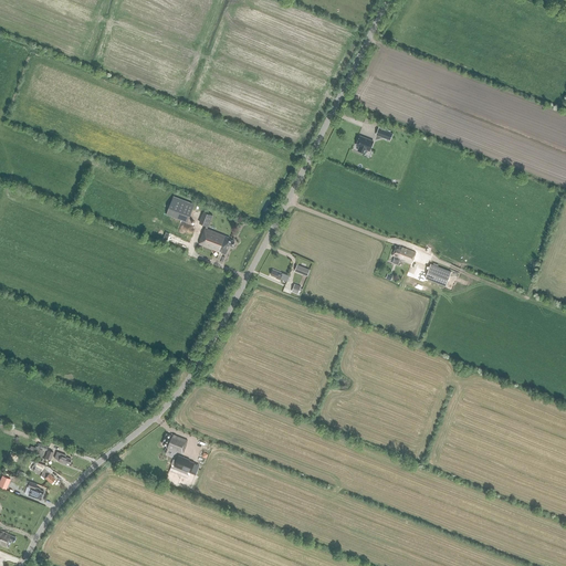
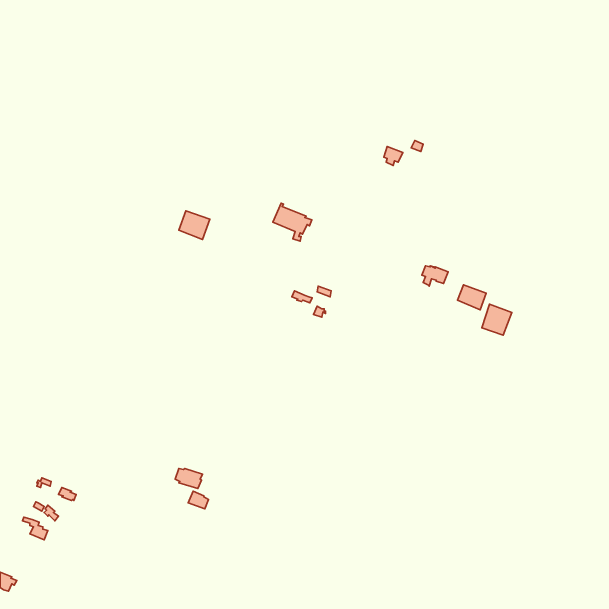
building: [198,226,234,261] -> [273,203,312,241]
building: none -> [482,304,512,335]

